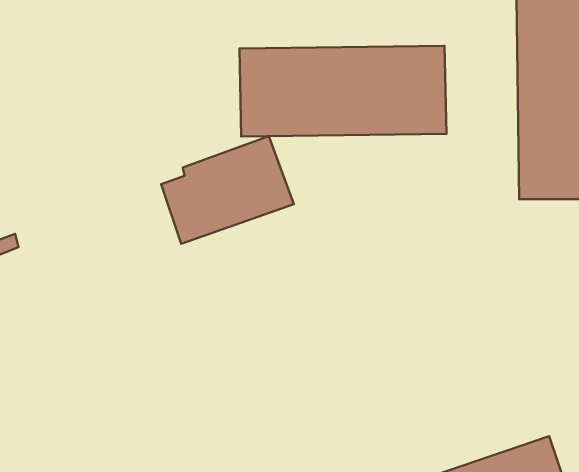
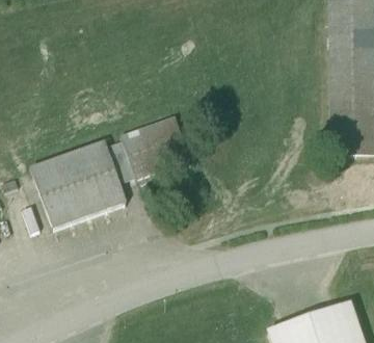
building: [239,46,447,136] -> none
building: none -> [30,140,127,228]

